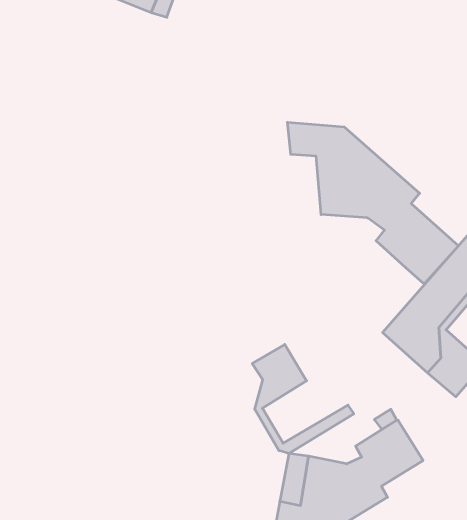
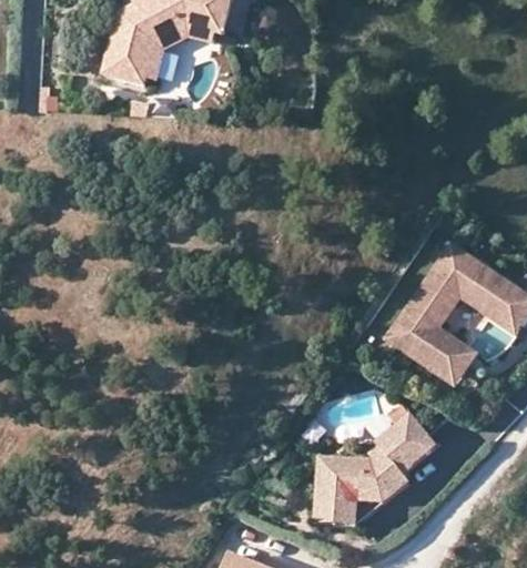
building: [287,122,458,283] -> none
building: [252,344,354,453] -> none

